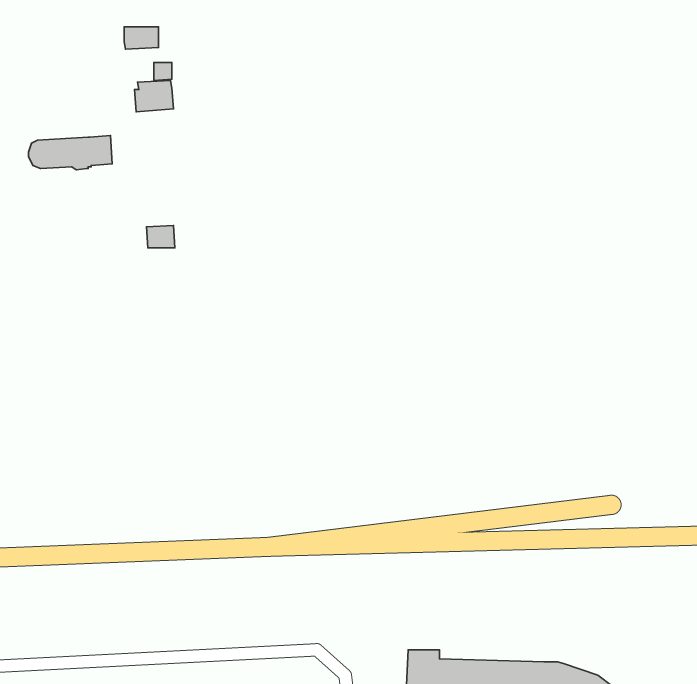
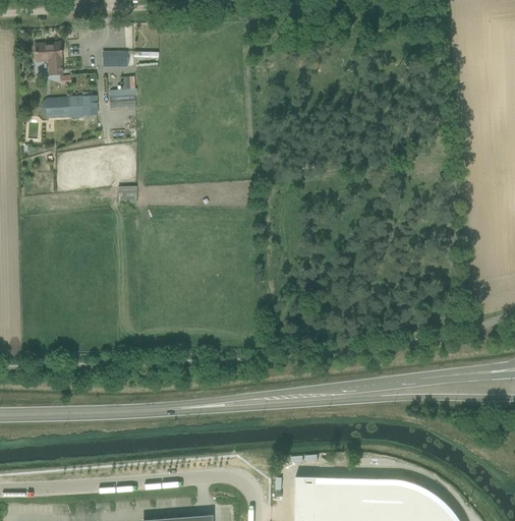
building: none -> [36,42,62,73]
building: [28,136,112,170] -> [42,95,99,118]

